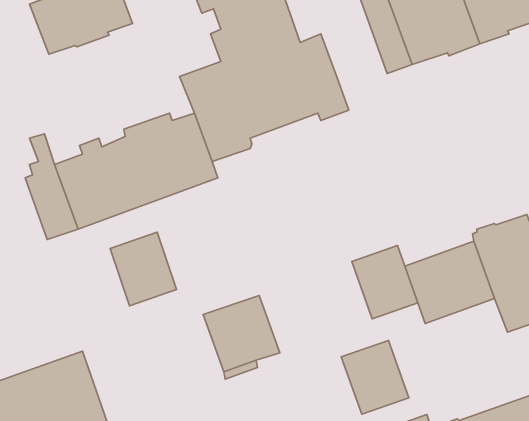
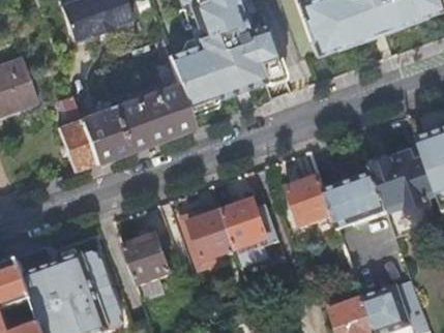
building: [110,232,176,306] -> [125,233,172,284]
building: [341,341,409,414] -> [223,198,270,249]

